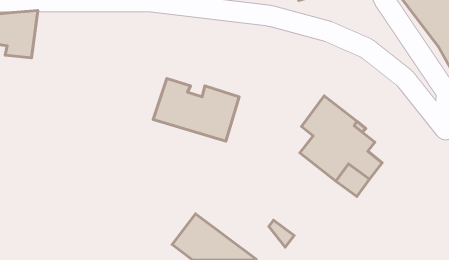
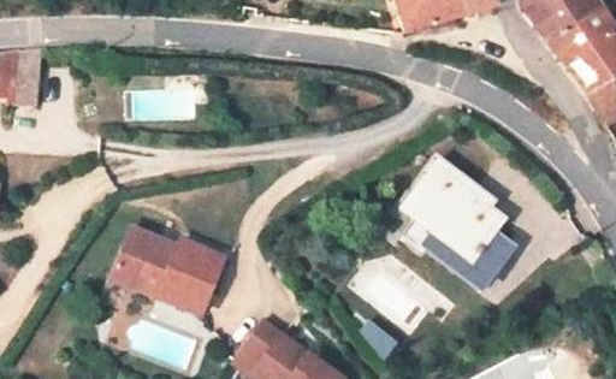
building: [153,79,239,141] -> [103,230,218,313]

